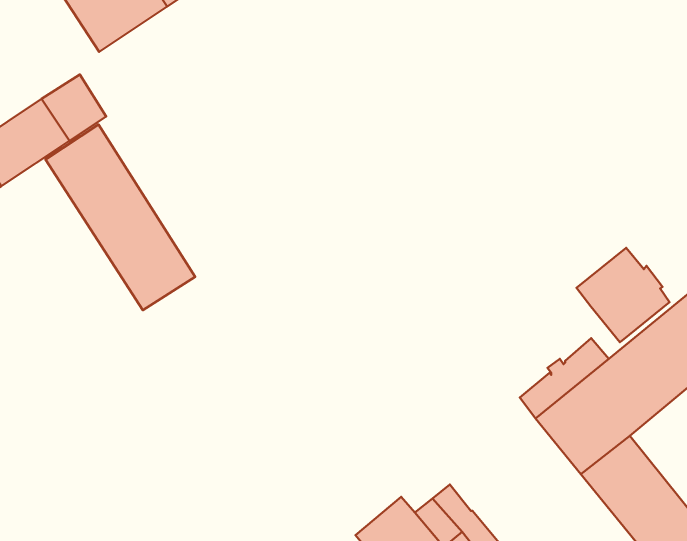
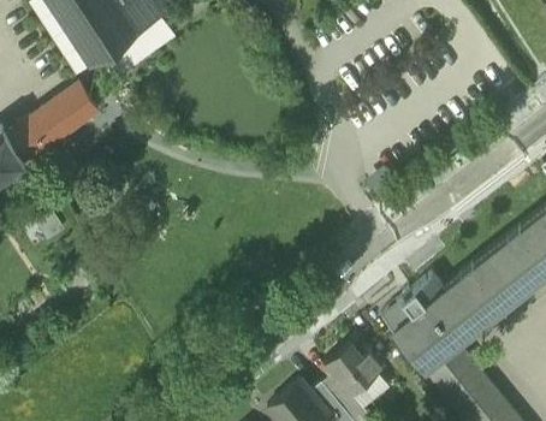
building: [45,125,195,310] -> none
building: [576,248,670,342] -> none
building: none -> [325,343,382,392]

